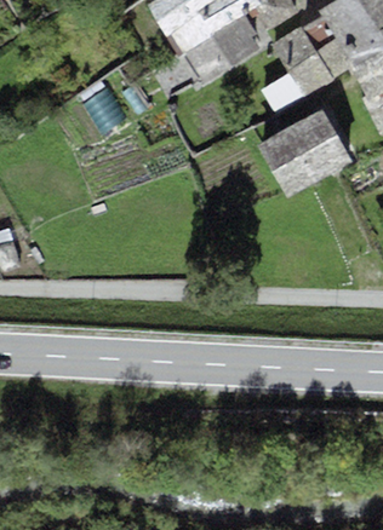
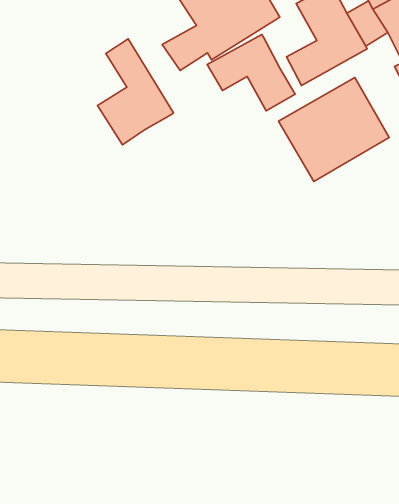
building: none -> [207,35,295,111]
building: none -> [98,39,174,145]

